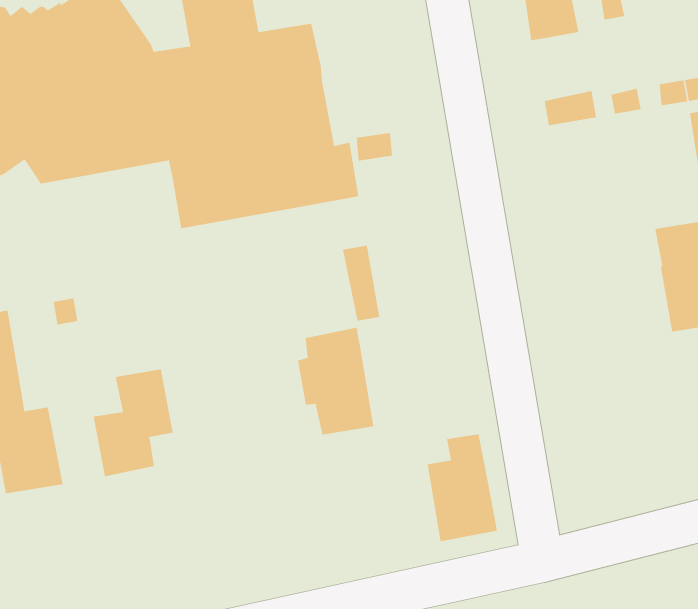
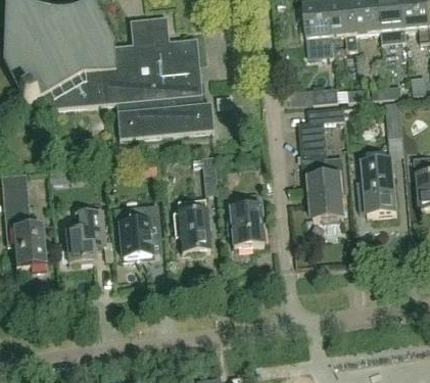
building: none -> [298,106,347,220]
building: none -> [114,204,159,257]
building: [427,434,498,542] -> [230,193,264,247]

